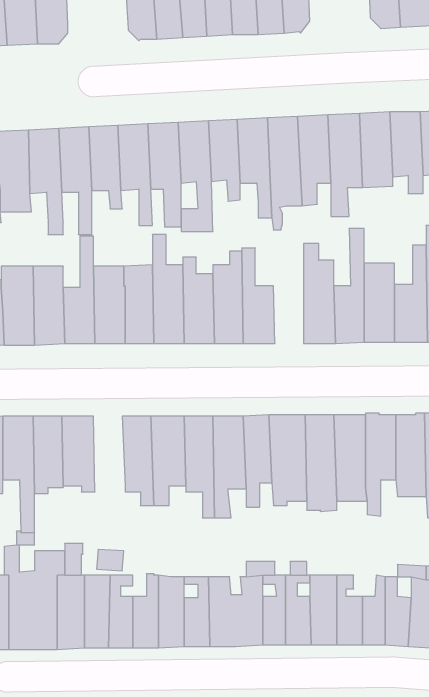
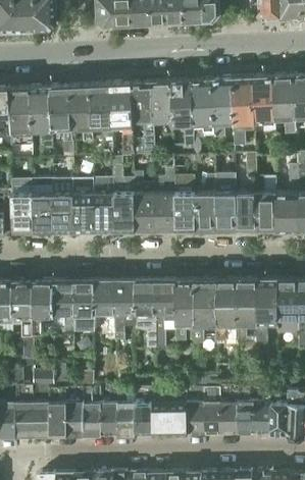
building: none -> [195,175,215,232]
building: none -> [73,281,95,333]

